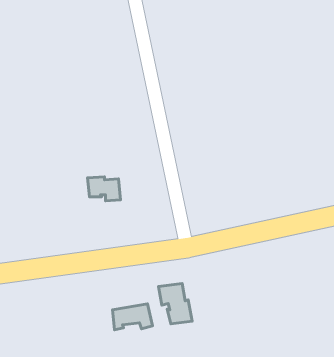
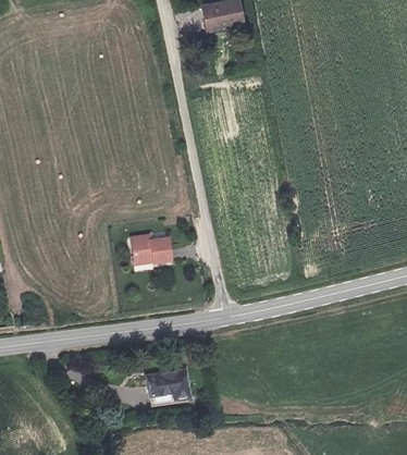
building: [159,283,192,324] -> none

